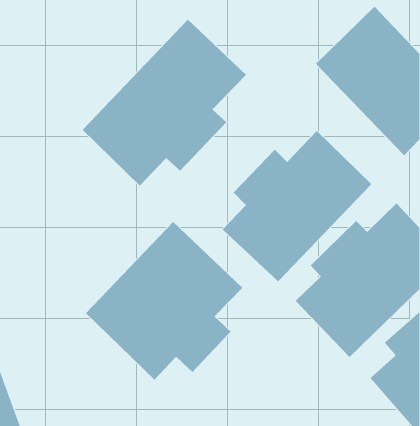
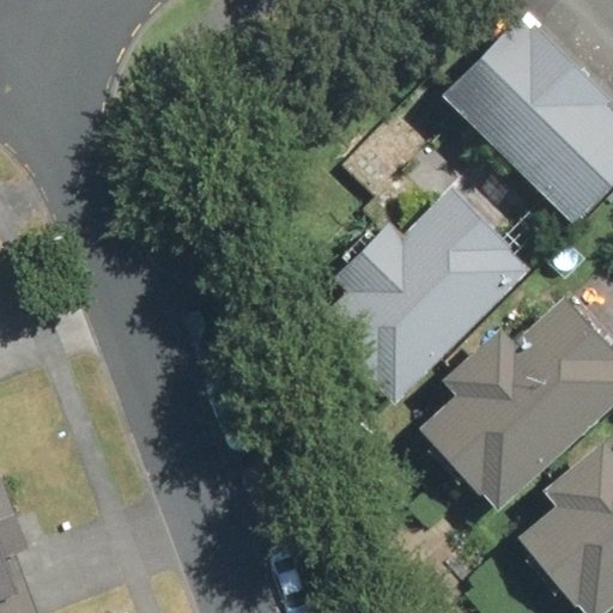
building: [82,19,247,187] -> none
building: [85,221,243,381] -> none

